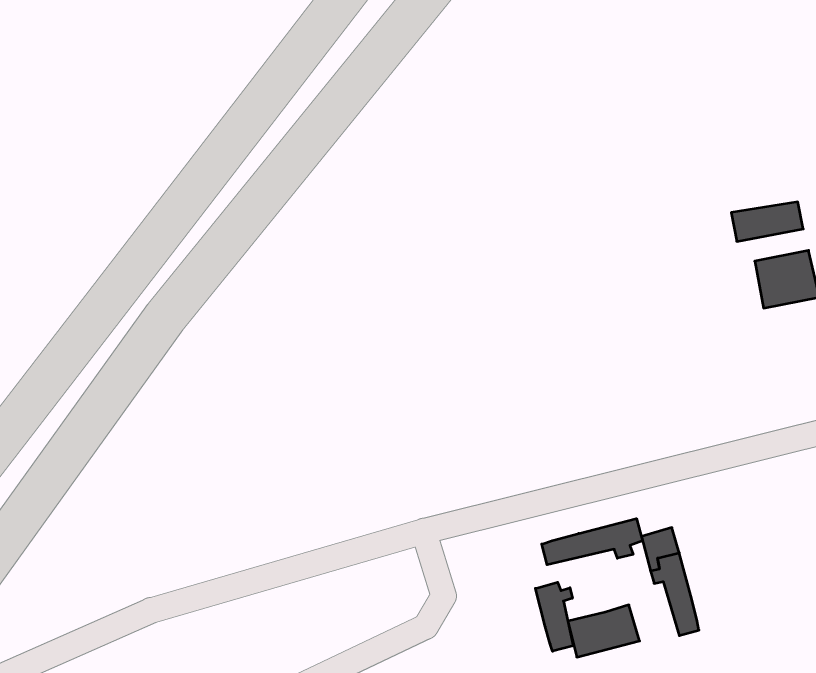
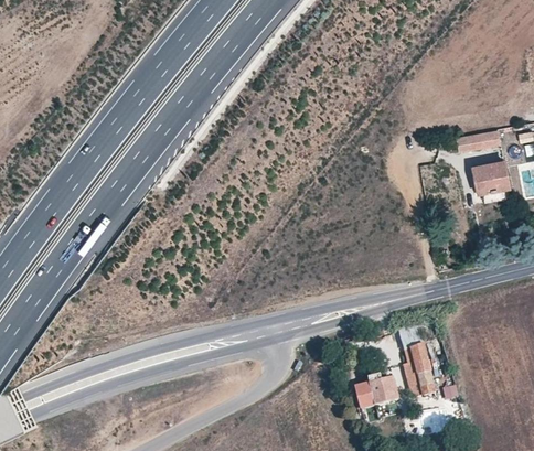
building: [542,519,643,565] -> none
building: [535,582,573,651] -> none

